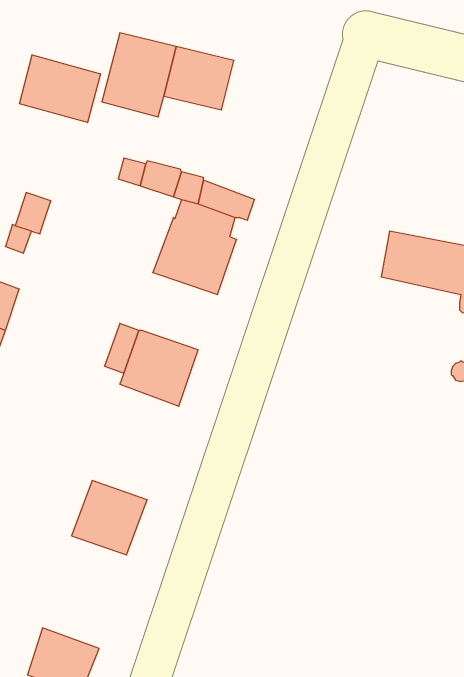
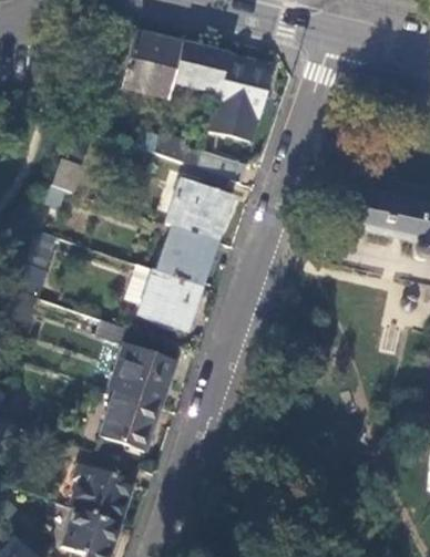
building: [19,55,100,123] -> none
building: none -> [212,53,275,140]
building: none -> [155,226,216,286]
building: none -> [95,319,177,406]
building: none -> [72,468,134,526]

